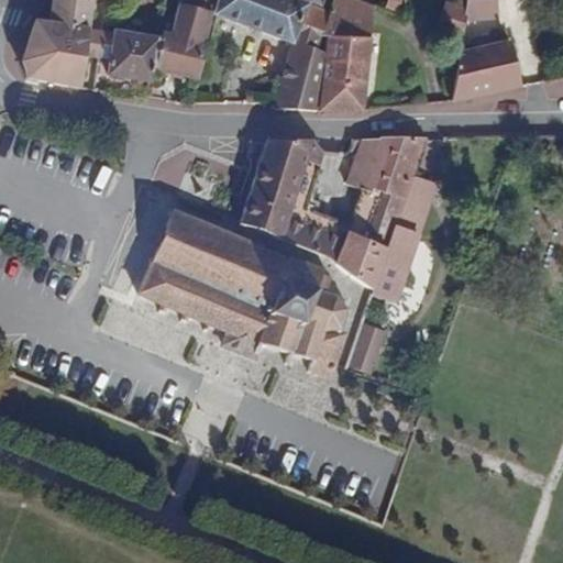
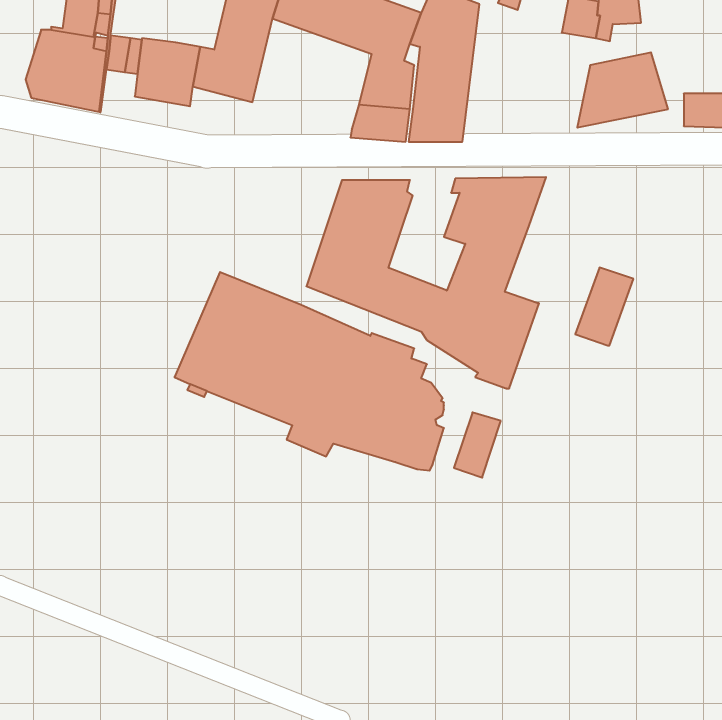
building: [394,175,439,235] -> [575,268,633,346]

